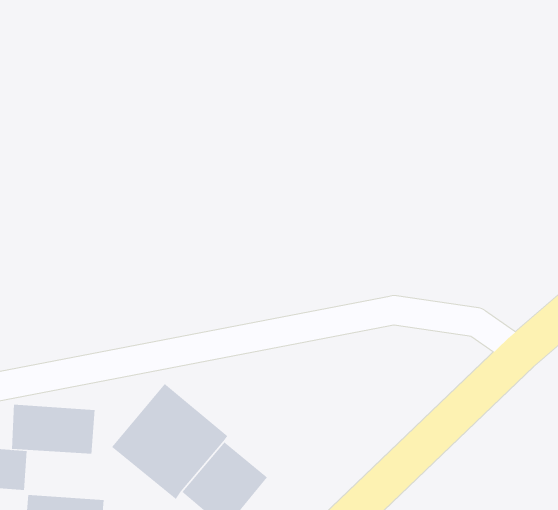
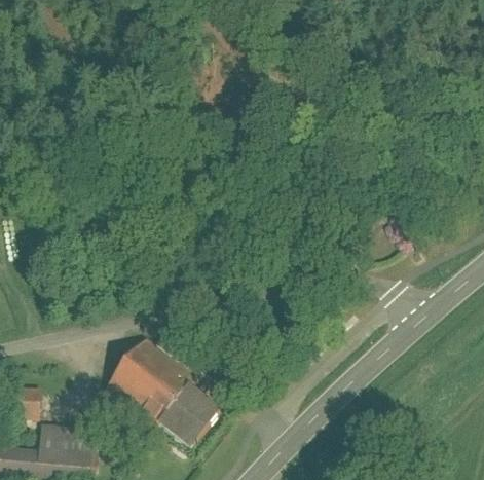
building: [12,404,95,454] -> none

